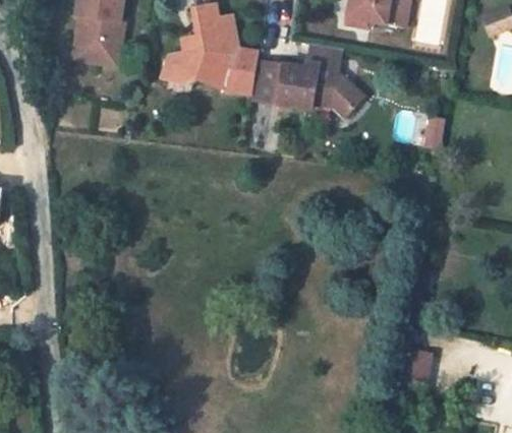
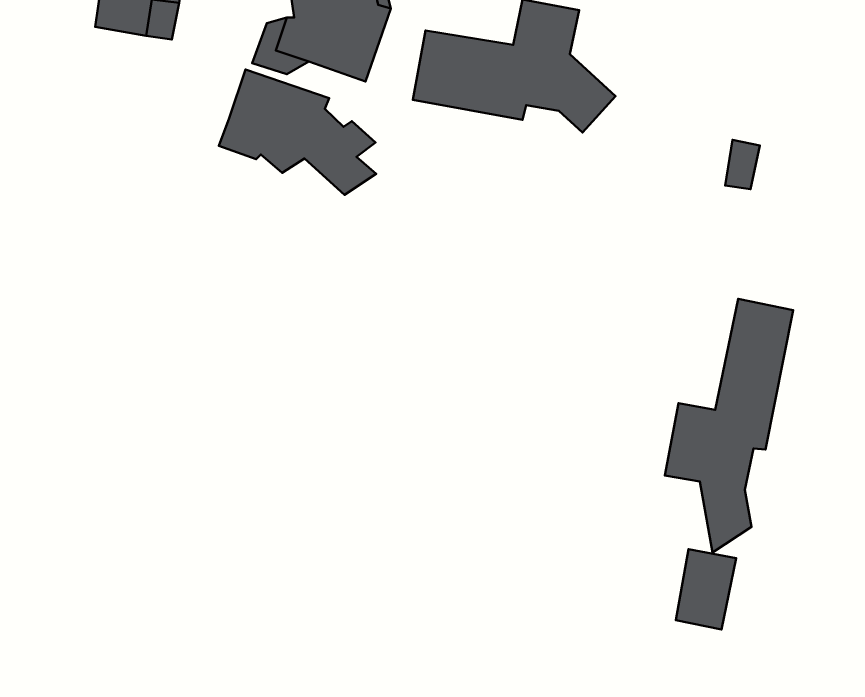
building: none -> [219,69,376,195]
building: none -> [665,299,793,552]

